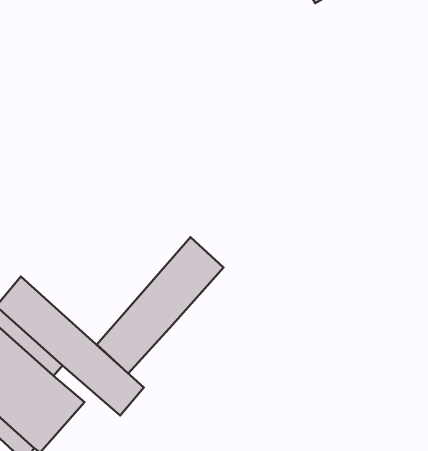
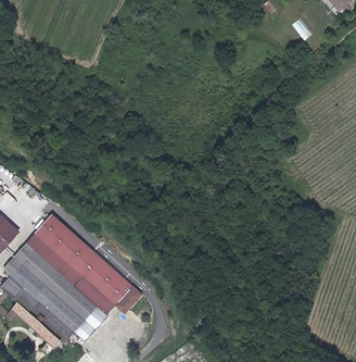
building: [97,237,224,374] -> none

